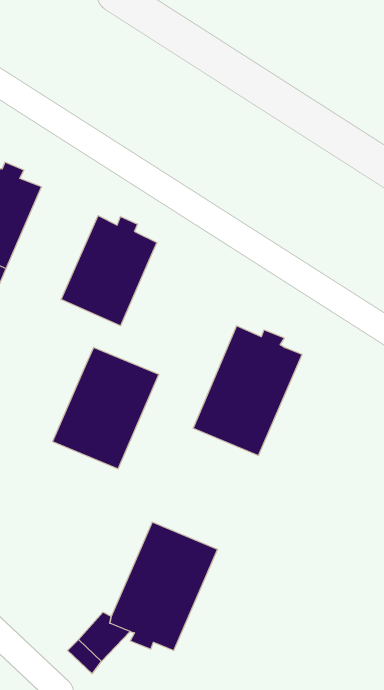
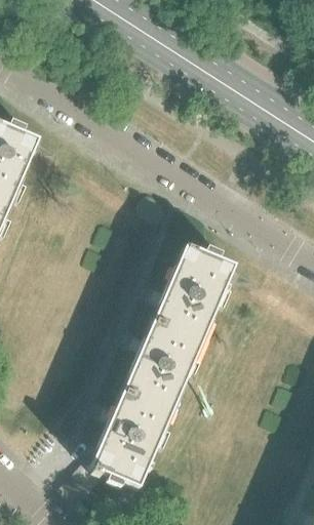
building: [61,216,157,326] -> none
building: [53,347,159,469] -> [122,322,202,413]

